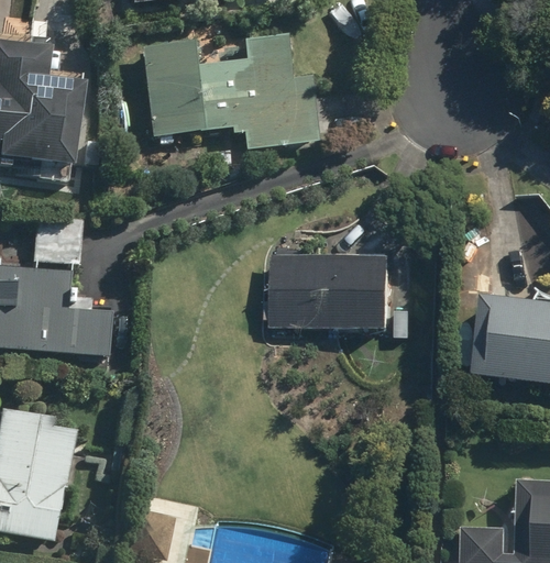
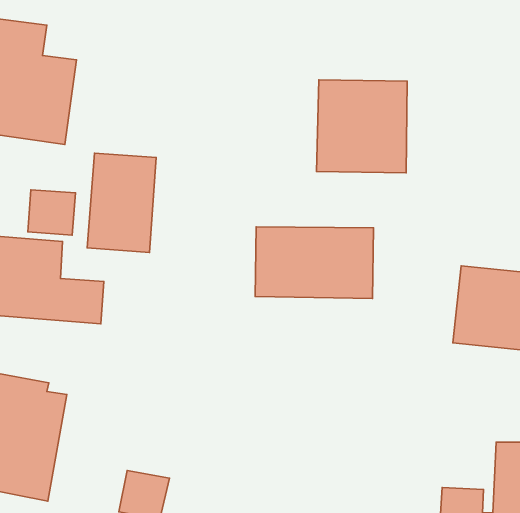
building: [141,33,318,148] -> none
building: none -> [317,80,407,173]
building: none -> [87,153,156,252]

